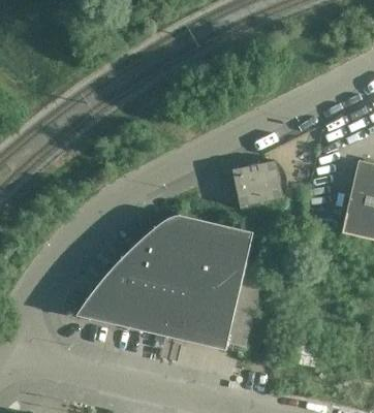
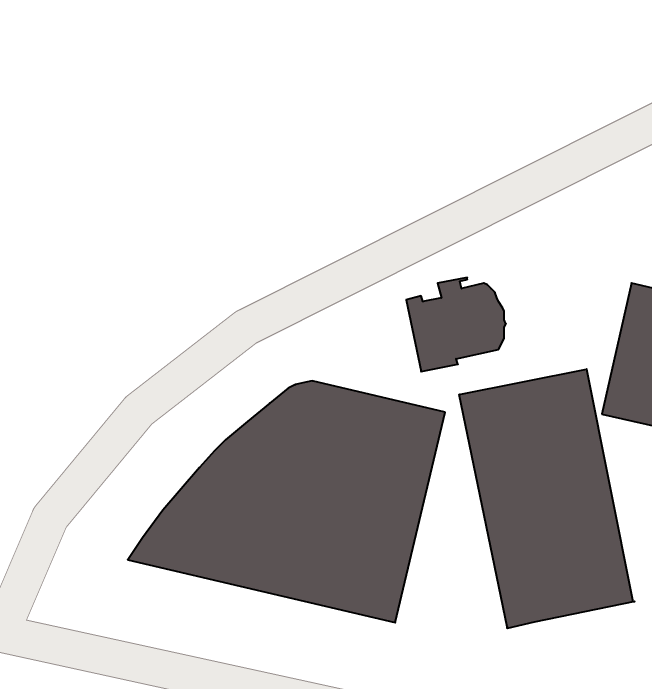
building: none -> [459,369,635,628]

